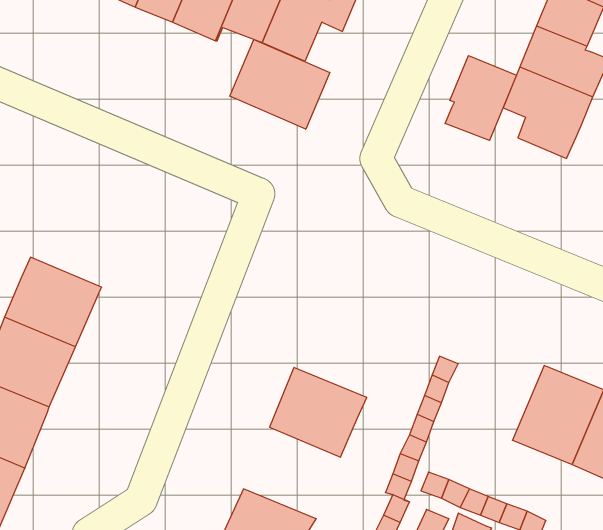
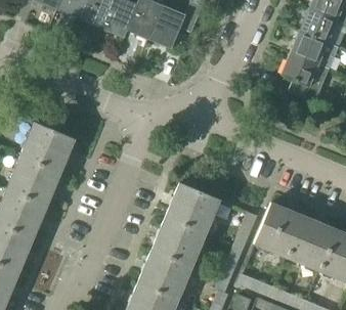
building: [230,39,330,129] -> none
building: [445,56,516,140] -> none
building: none -> [21,123,74,173]
building: none -> [166,183,219,233]
building: none -> [253,202,303,257]
building: none -> [138,250,191,300]

